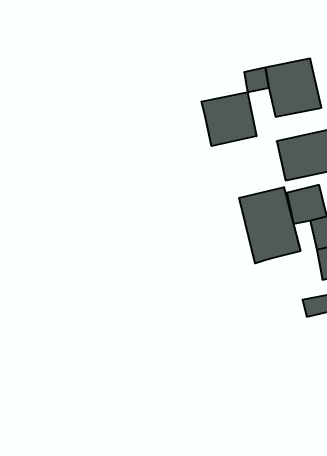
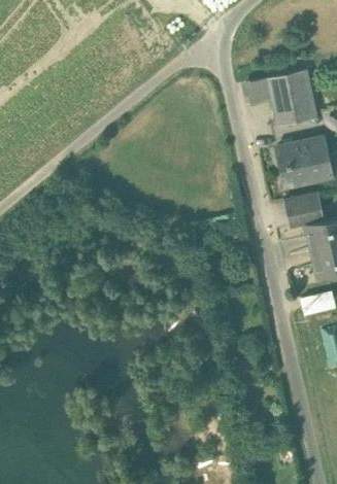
building: [202,92,256,146] -> none
building: [239,187,300,263] -> none

